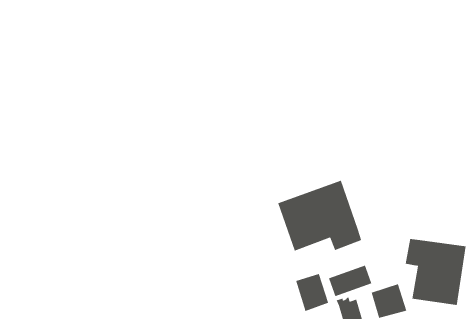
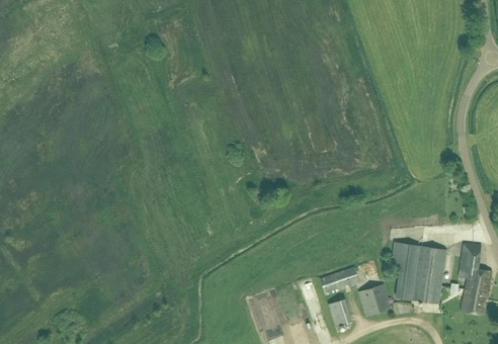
building: [277,180,362,252] -> none
building: [296,273,329,312] -> none

